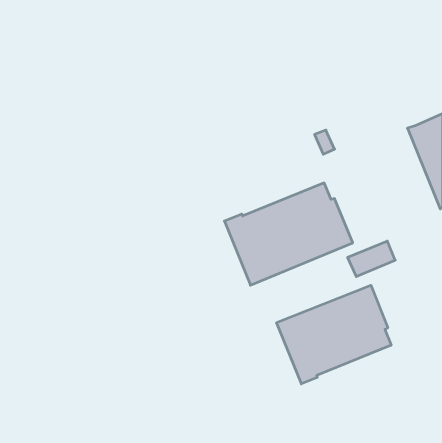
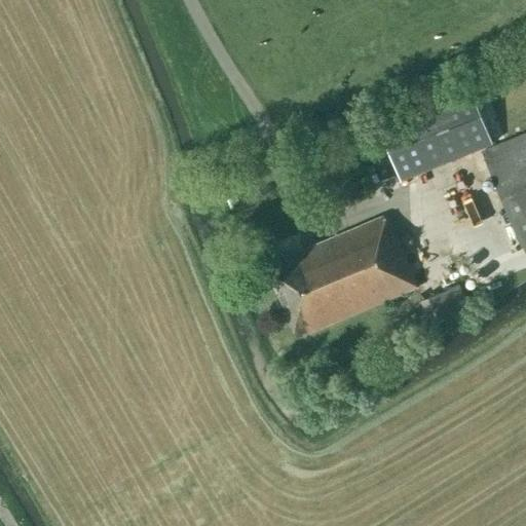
building: none -> [379,87,495,181]
building: [277,285,391,384] -> none

